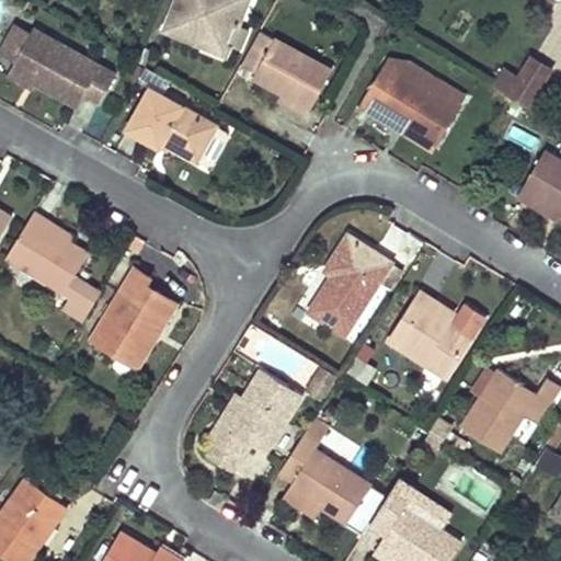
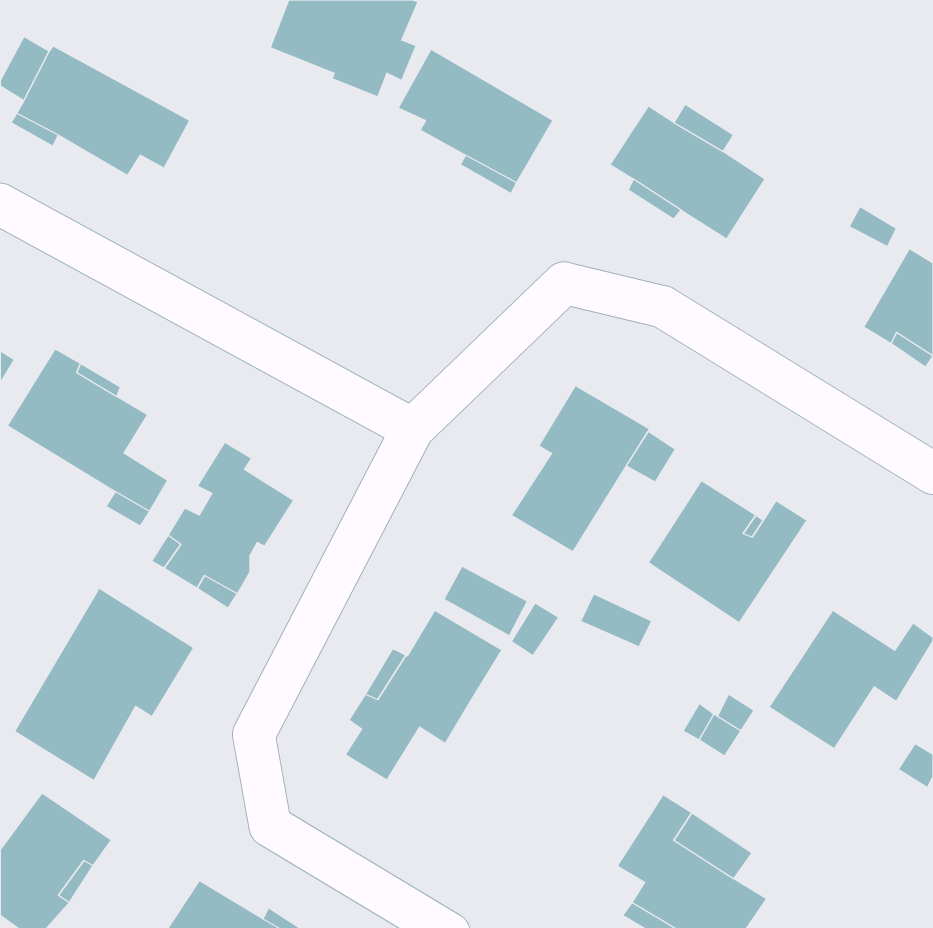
building: [505,59,548,107] -> none
building: [126,89,217,161] -> none
building: none -> [15,588,194,781]
building: [280,431,371,523] -> none

